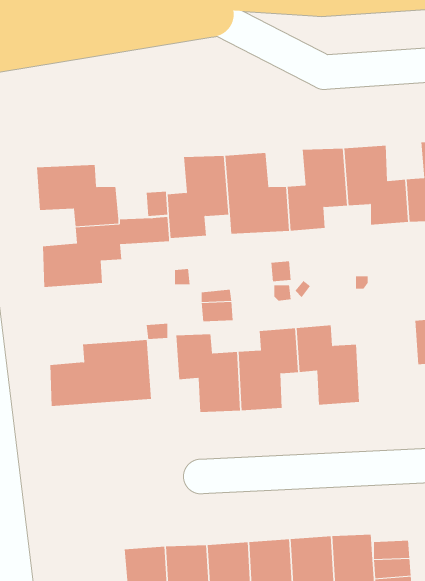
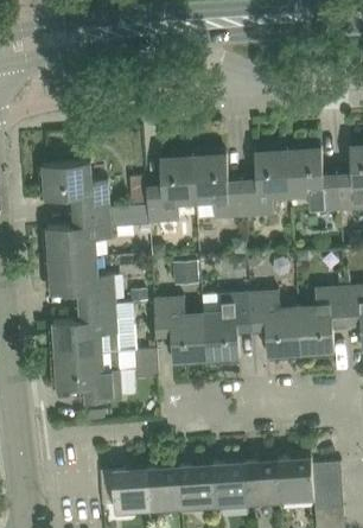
building: none -> [47,259,114,307]
building: none -> [298,288,346,354]
building: none -> [53,351,157,403]

